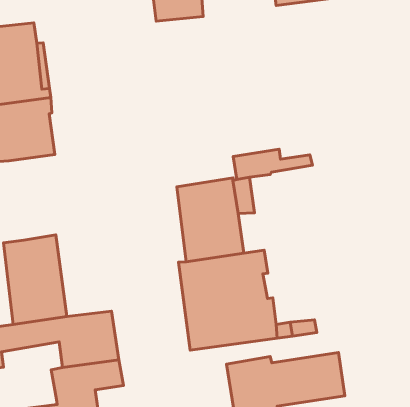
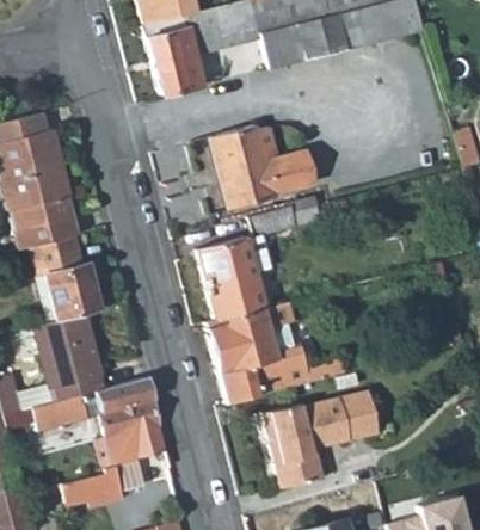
building: none -> [207,124,312,209]
building: none -> [35,233,99,318]

